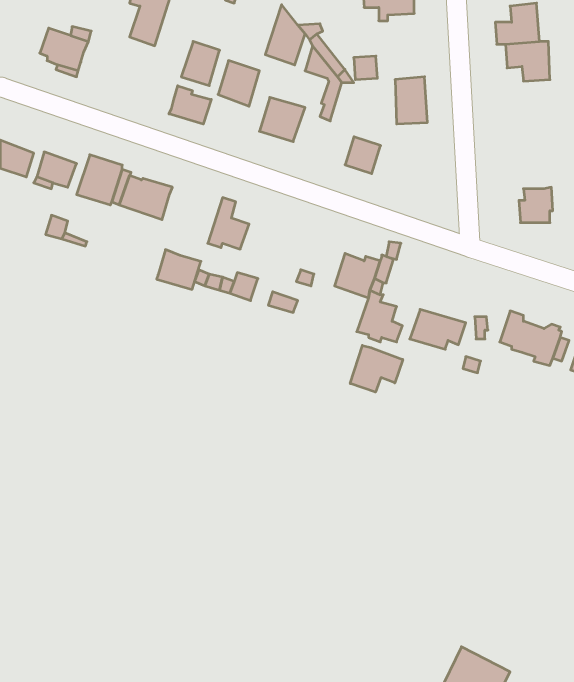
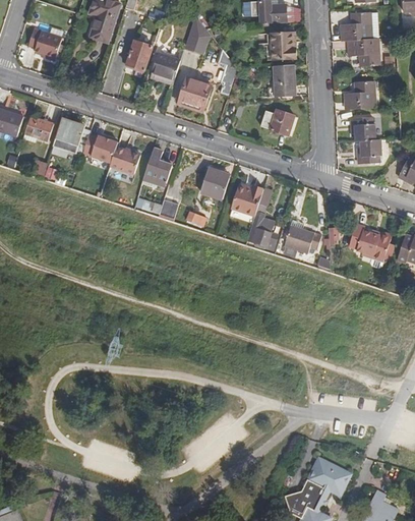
building: none -> [272,31,298,58]
building: [169,86,211,124] -> none
building: none -> [345,81,376,110]
building: [345,137,381,174] -> [270,109,294,134]
building: none -> [351,117,375,141]
building: none -> [200,167,229,197]
building: [157,250,201,289] -> [111,144,141,172]
building: [350,345,403,392] -> none

